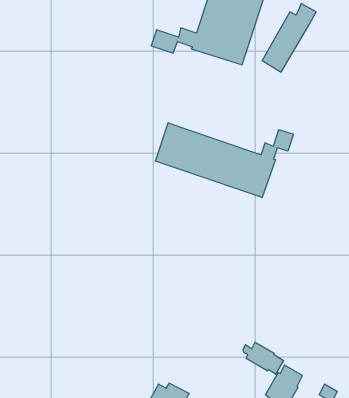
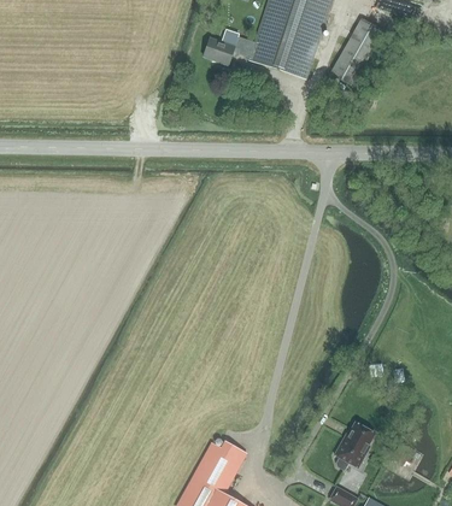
building: [155,123,293,198] -> none
building: [243,342,283,374] -> none

